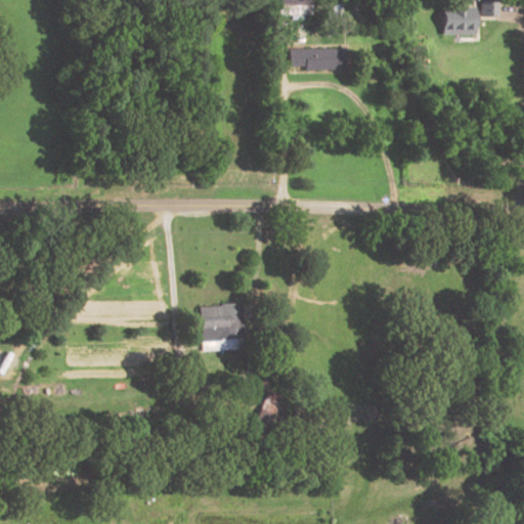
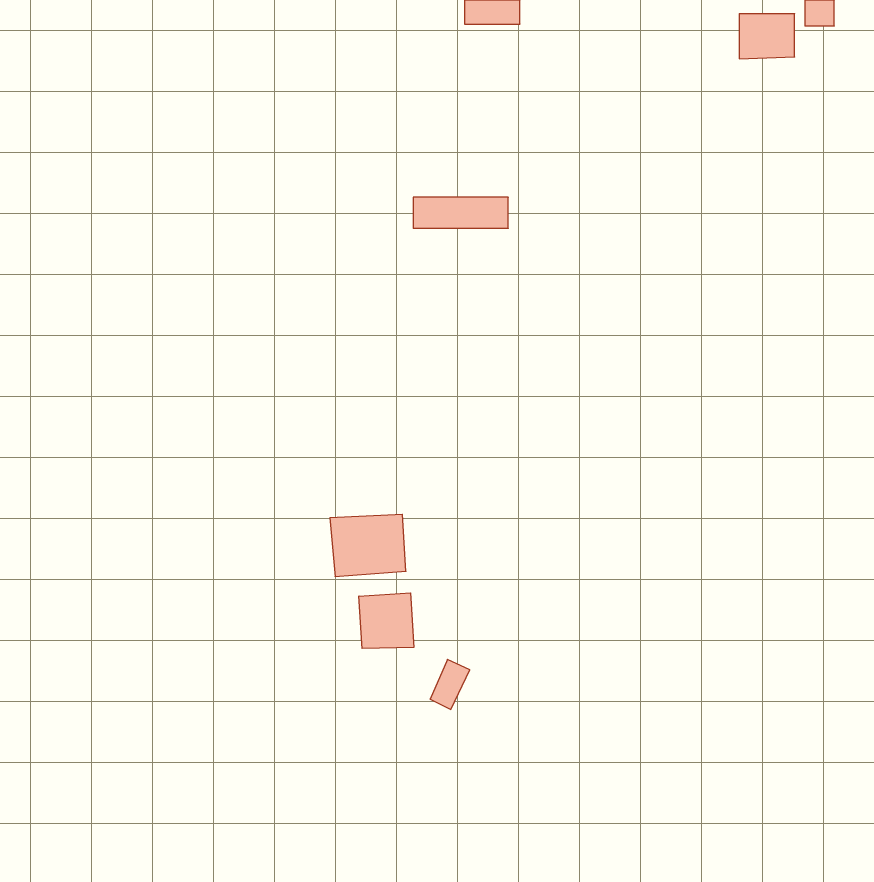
building: [291,48,347,67] -> [413,197,508,228]
building: none -> [359,593,414,648]

